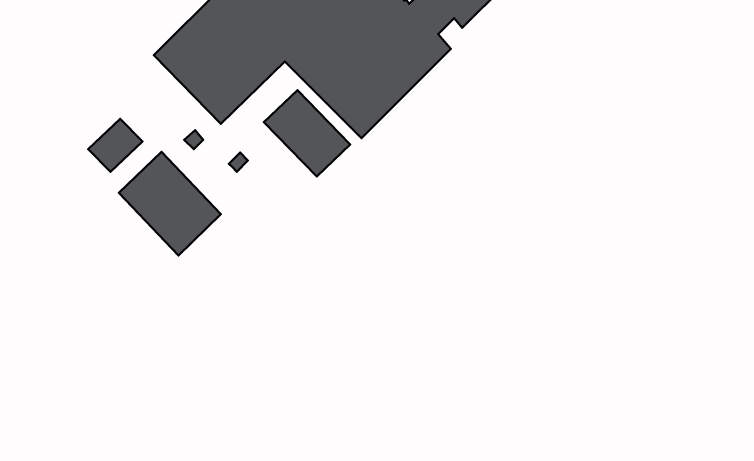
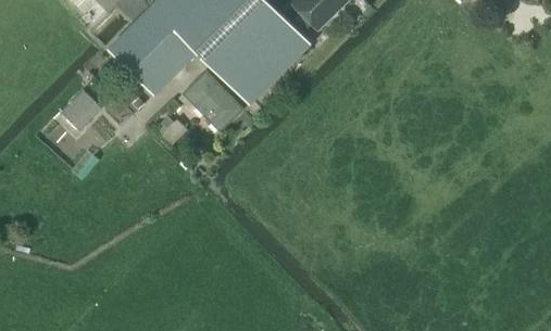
building: [119,152,221,255] -> none

